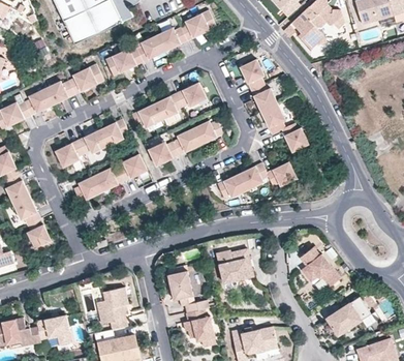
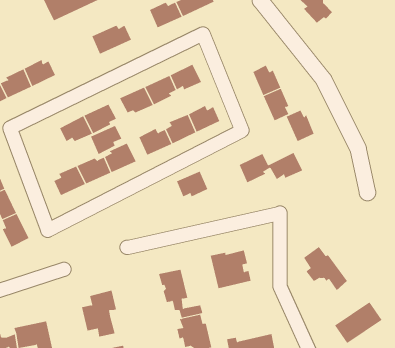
building: [137,34,166,61] -> none
building: [242,60,265,90] -> none
building: [69,62,105,93] -> none
building: [56,141,85,168] -> [90,125,122,155]
building: [218,174,247,198] -> [176,171,208,197]

